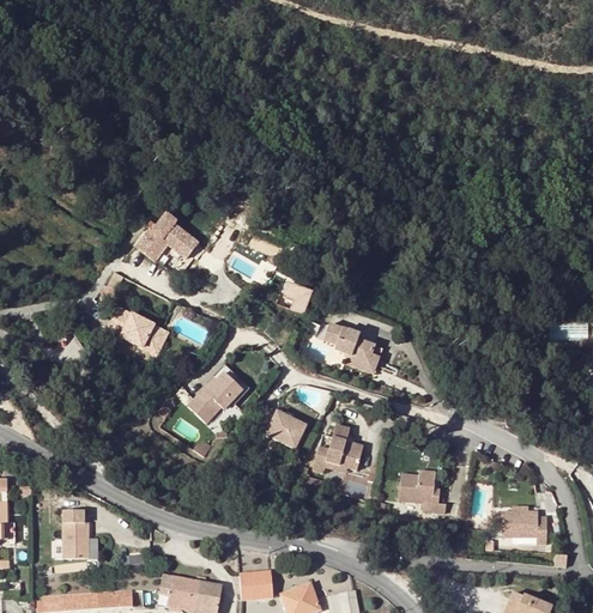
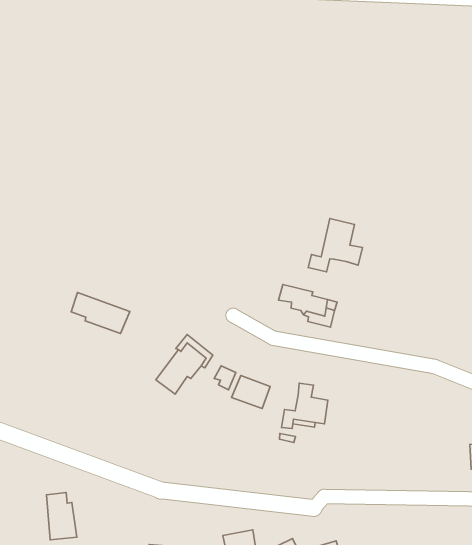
building: [137,216,198,262] -> none
building: none -> [308,219,362,272]
building: [278,278,314,311] -> none
building: [400,472,446,510] -> none

